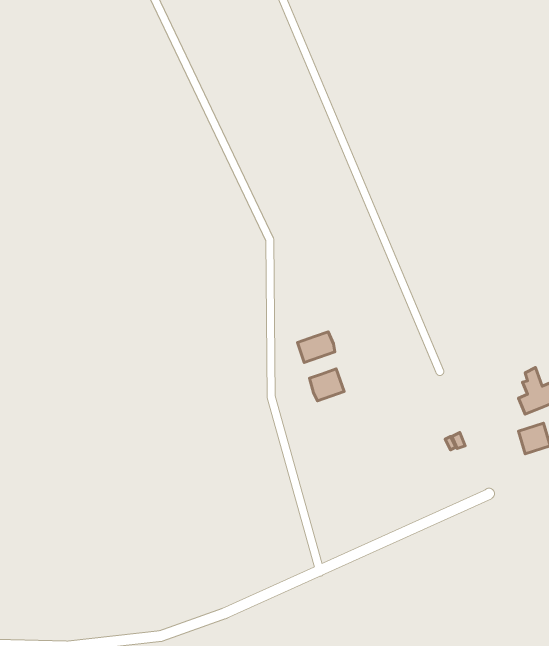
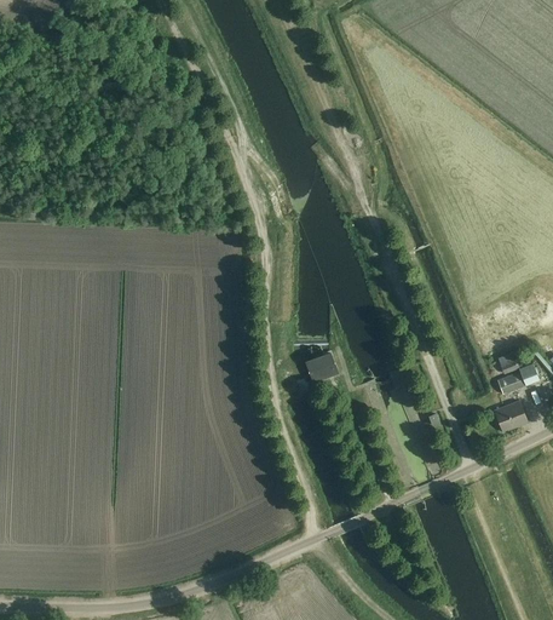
building: [297,332,335,362] -> none

